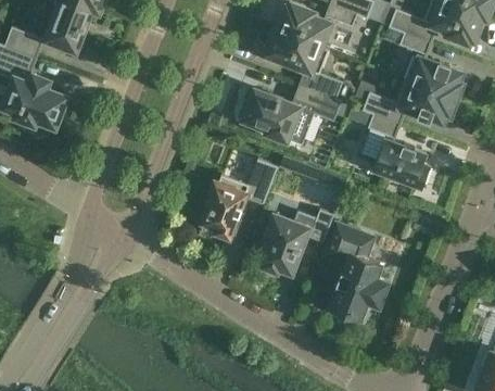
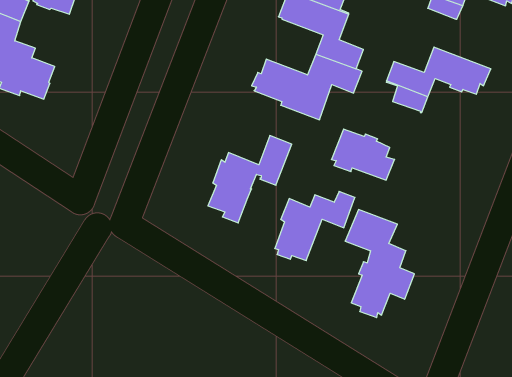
building: [405,55,461,99] -> none
building: [373,139,430,185] -> [331,129,395,180]

